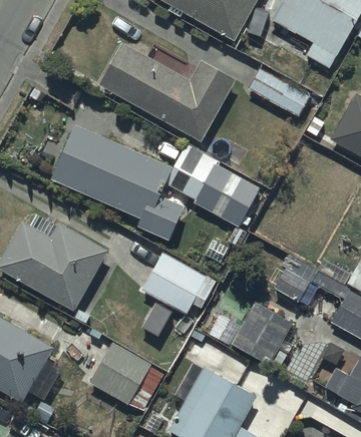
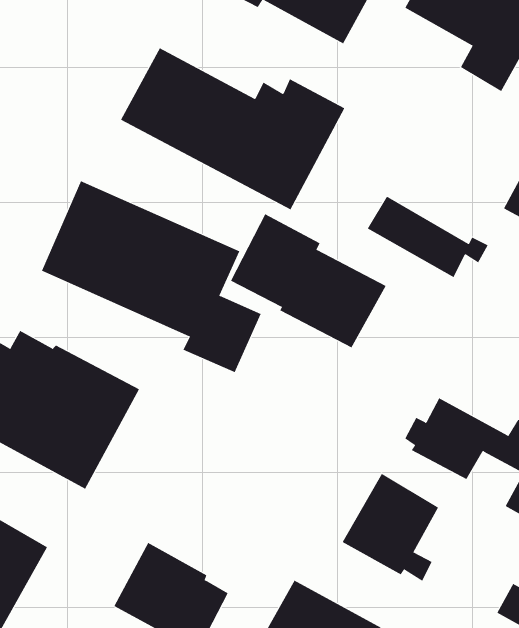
building: [247,67,321,117] -> [367,196,488,278]
building: [142,253,215,314] -> none

